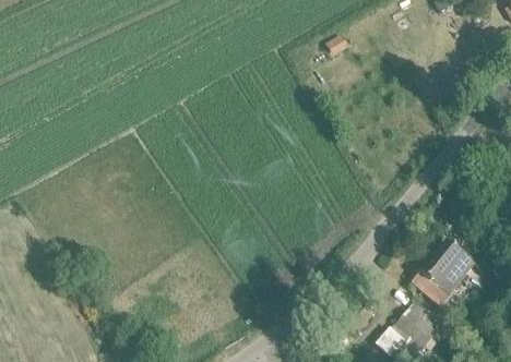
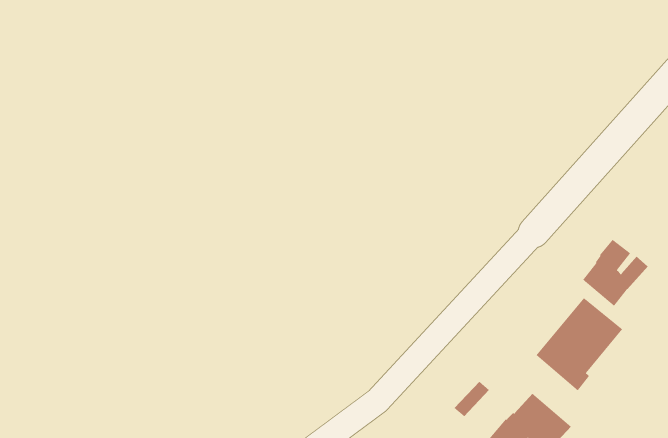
building: none -> [582,239,648,307]

